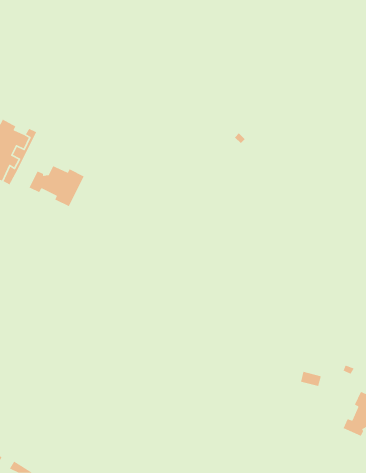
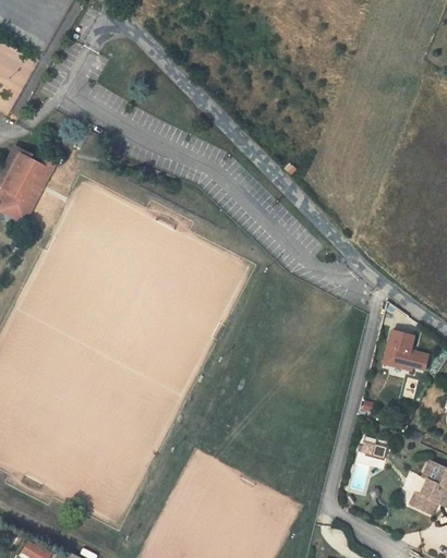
building: [28,165,85,207] -> none
building: none -> [380,329,425,368]

